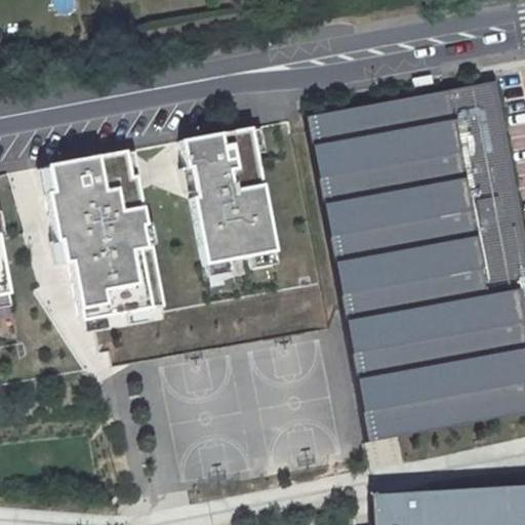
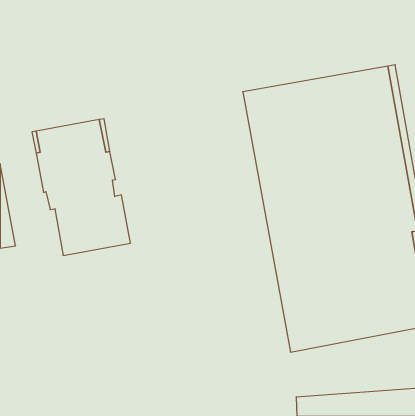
building: [184,126,278,264] -> none

